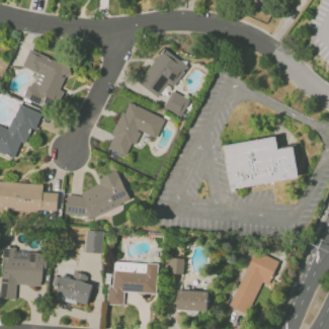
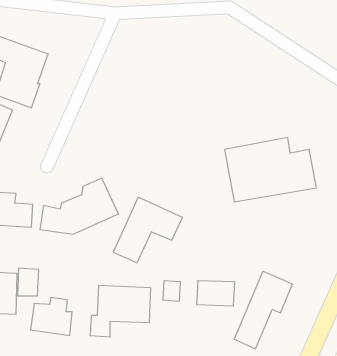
building: [139,48,189,97] -> none
building: [164,91,189,116] -> none
building: [107,101,166,157] -> [113,197,182,263]
building: [85,230,103,253] -> [17,268,39,296]
building: [177,290,210,311] -> [197,281,235,306]

